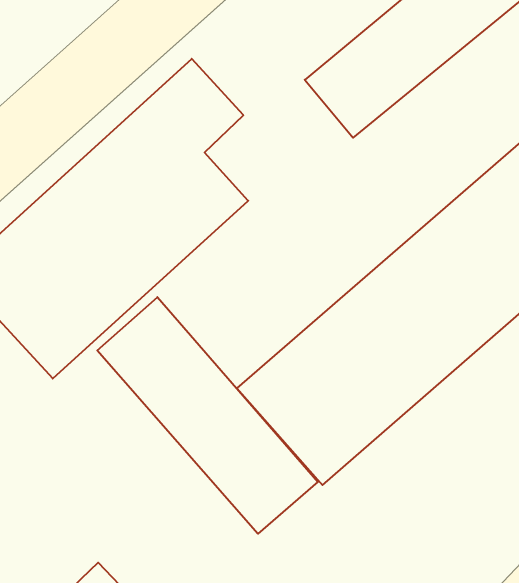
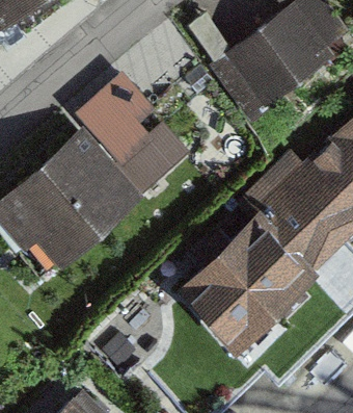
building: [97,297,318,534] -> none

